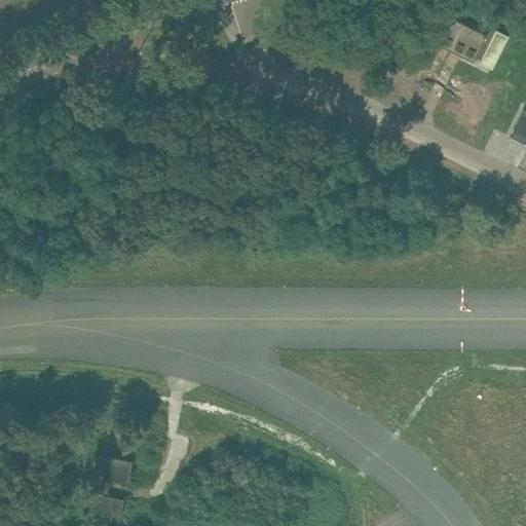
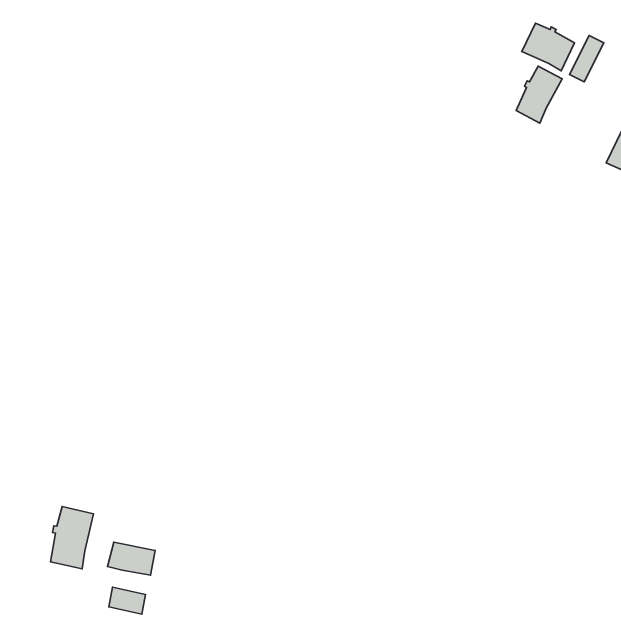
building: none -> [516,66,562,123]
building: none -> [51,506,94,569]

